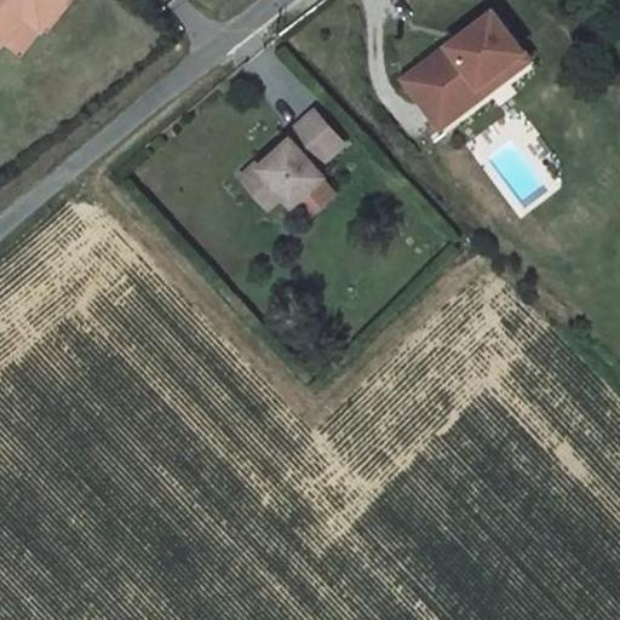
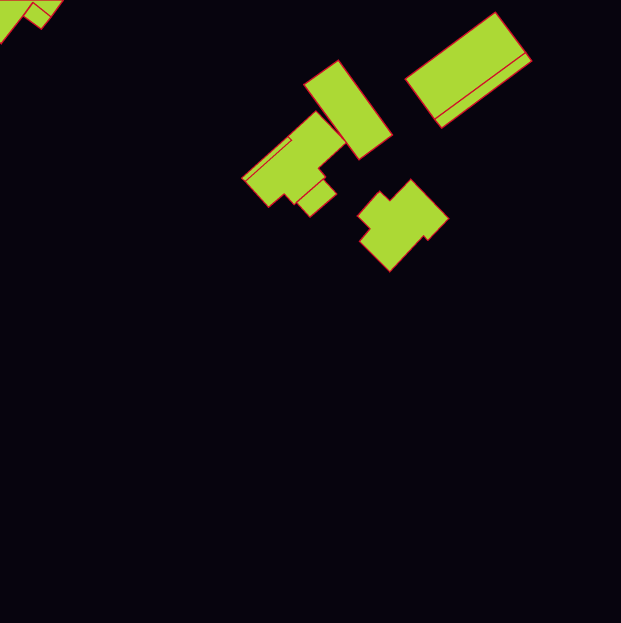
building: none -> [304,60,393,160]
building: none -> [357,179,449,272]

